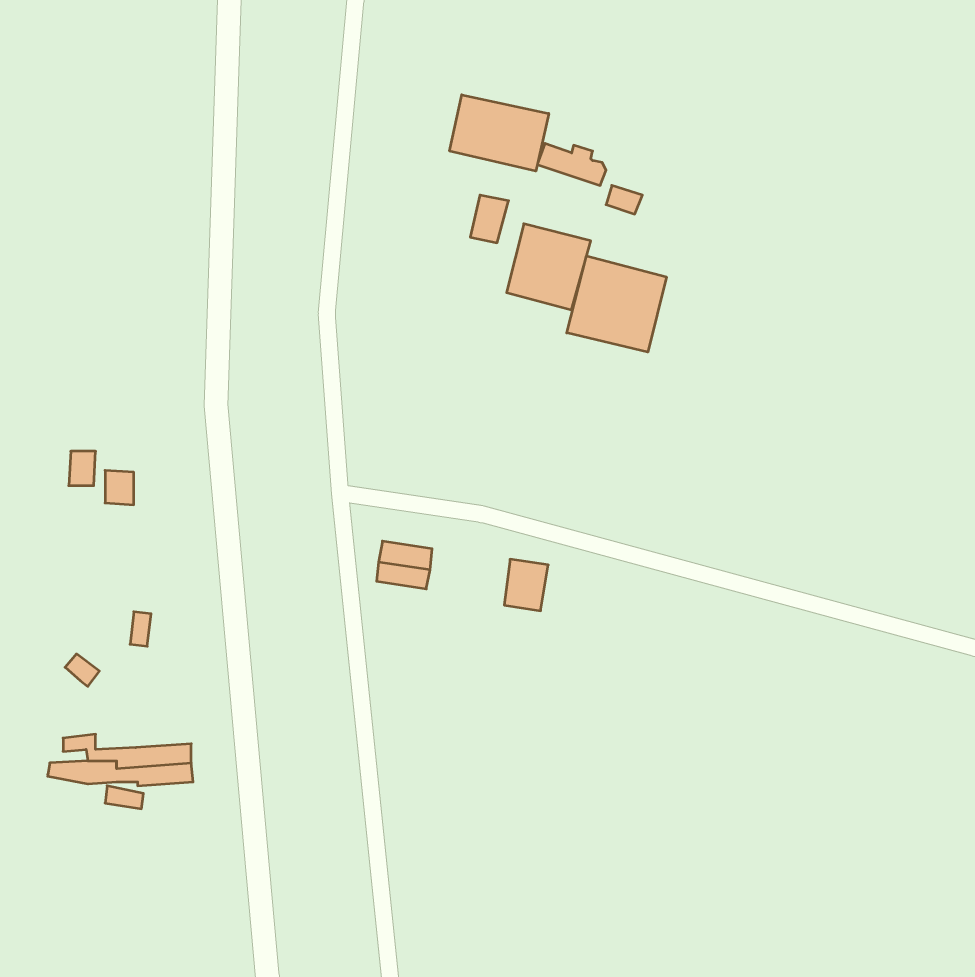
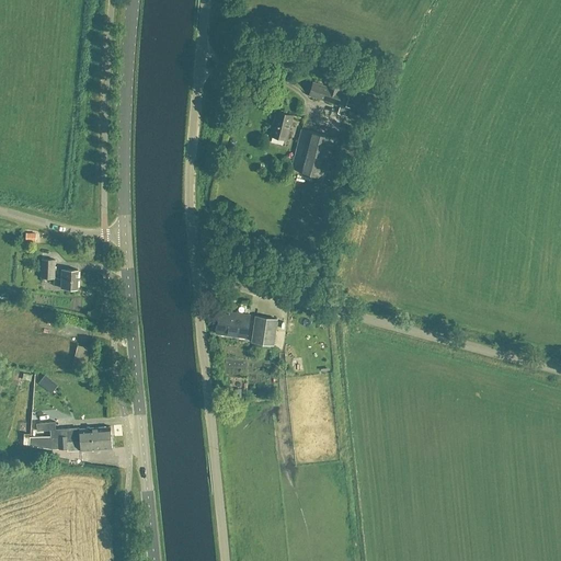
building: [450,95,549,171] -> none
building: [567,256,666,352] -> none
building: [504,559,548,611] -> [251,316,276,345]

